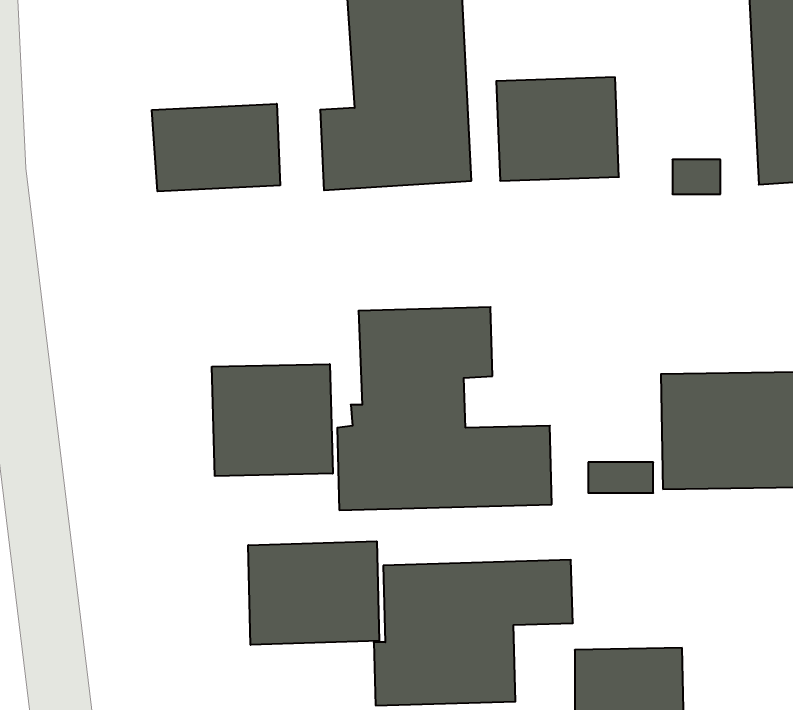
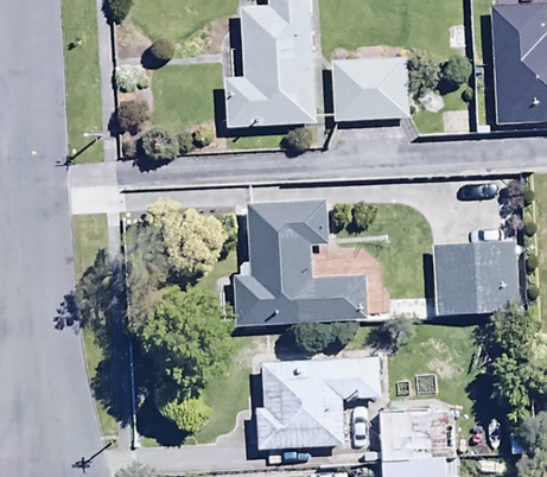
building: [152,104,280,191] -> none
building: [212,364,333,476] -> none
building: [248,541,379,645] -> none

